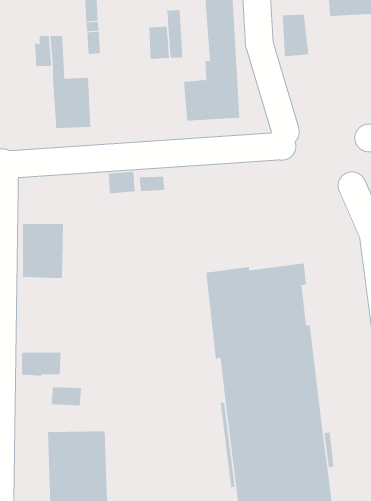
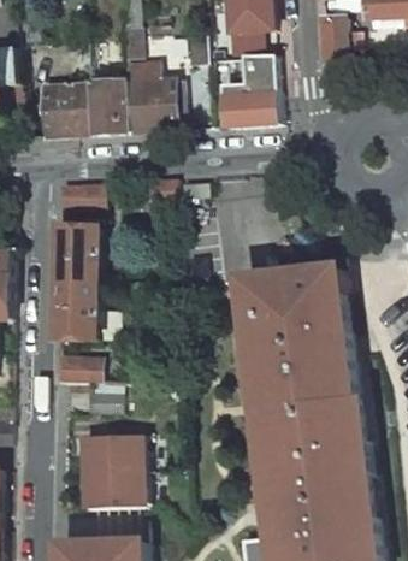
building: none -> [120,60,171,130]
building: none -> [39,82,88,135]
building: none -> [54,179,97,209]
building: none -> [53,282,95,338]

